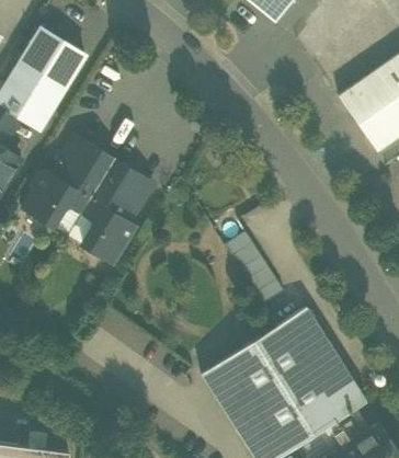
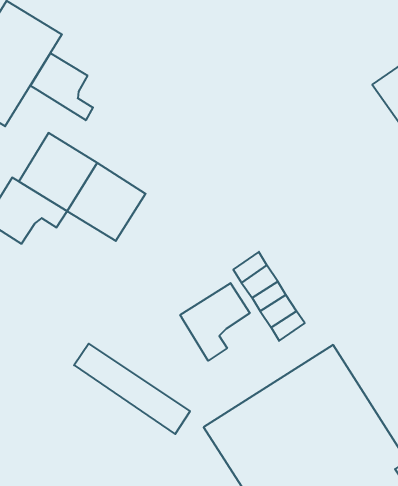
building: none -> [30,53,93,120]
building: [82,198,136,262] -> none
building: none -> [180,283,250,361]

